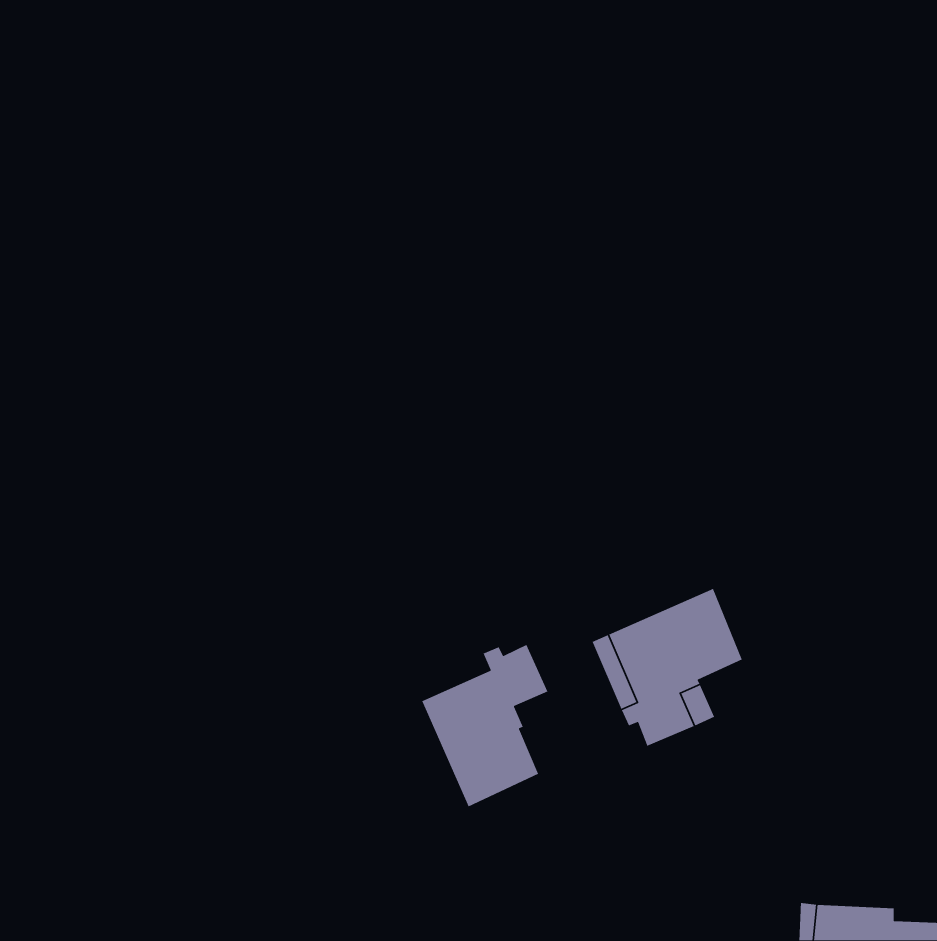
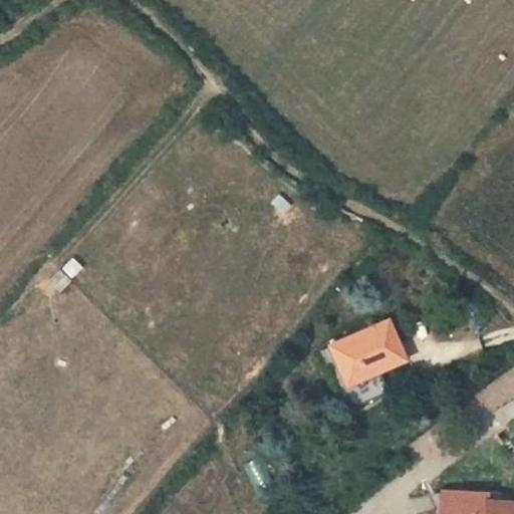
building: [421,644,549,807] -> none

